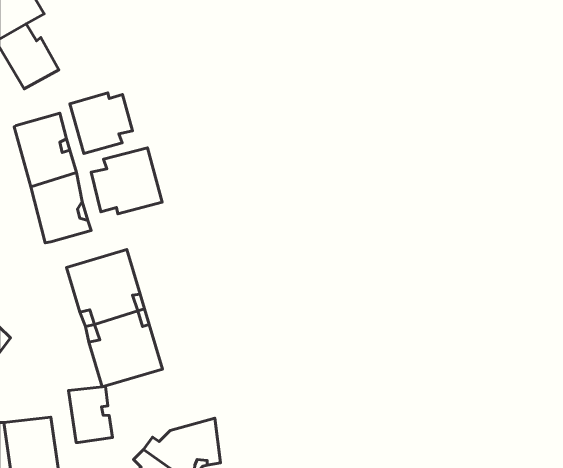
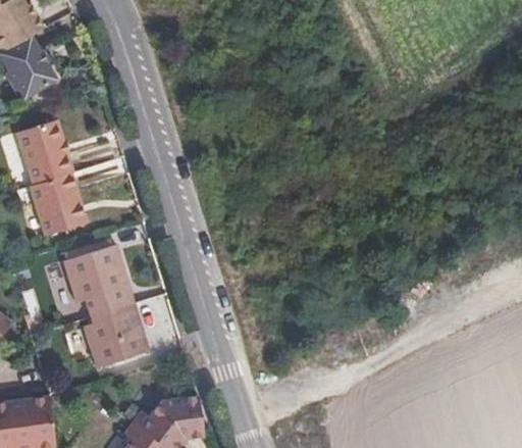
building: [70,93,132,153] -> none
building: [91,148,162,214] -> none
building: [69,387,113,442] -> none

